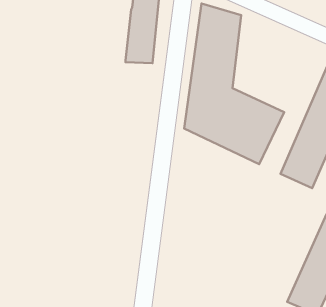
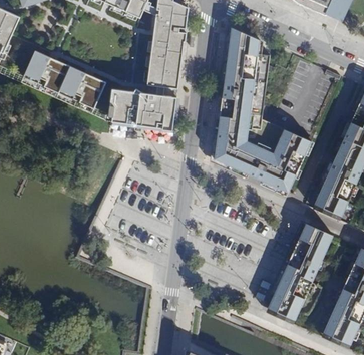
building: none -> [24,53,105,109]
building: none -> [110,88,181,133]
building: none -> [261,221,335,326]

